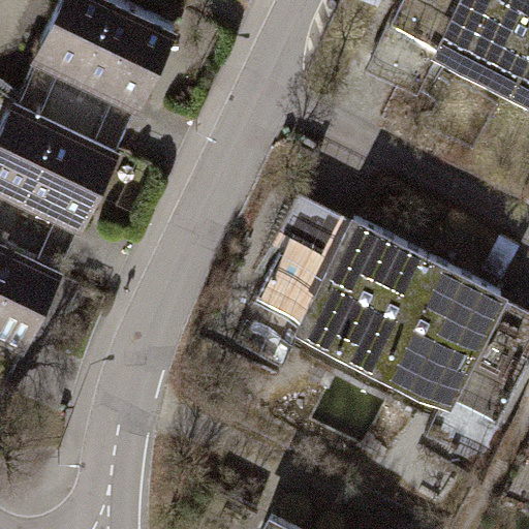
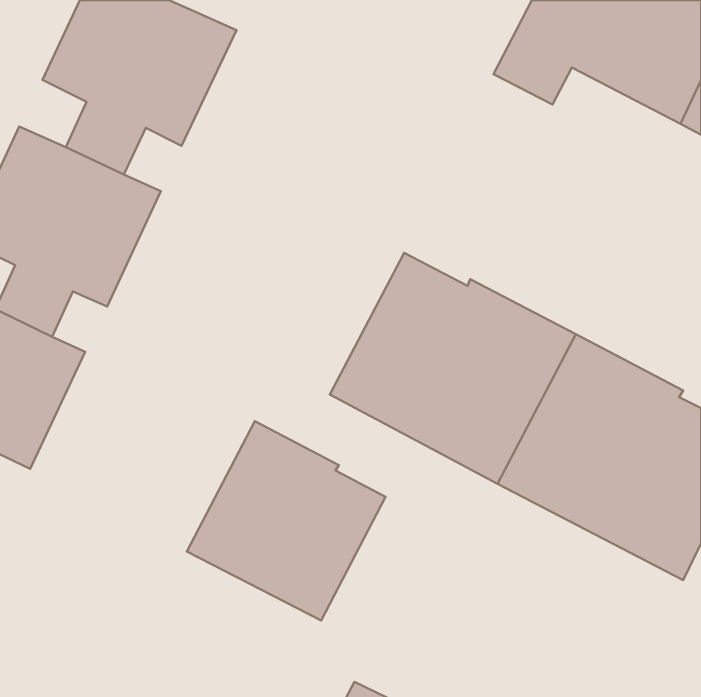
building: none -> [187,421,386,620]

